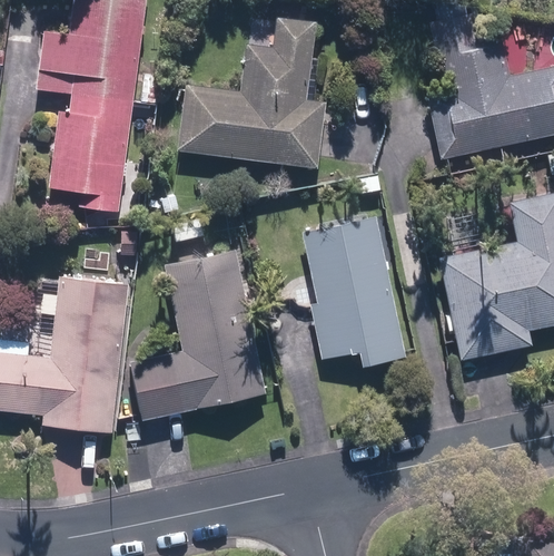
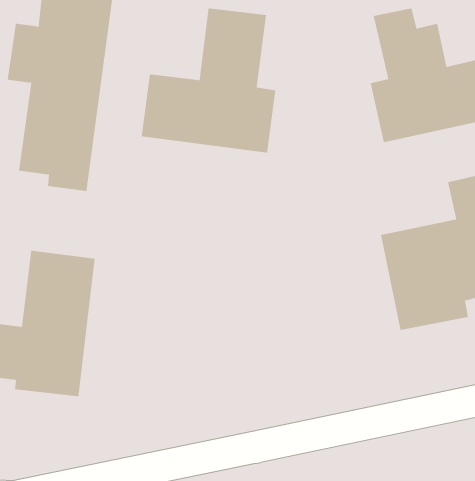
building: [304,217,406,367] -> none
building: [130,251,267,420] -> none

